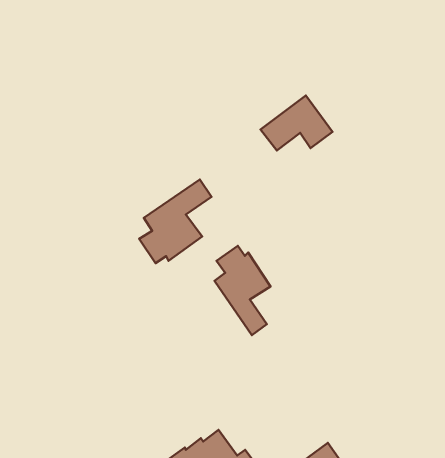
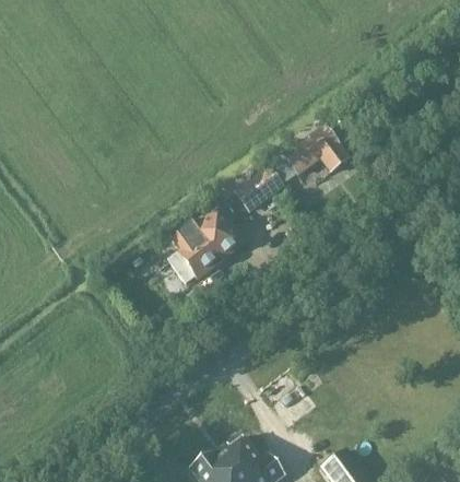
building: none -> [235,166,283,210]
building: [214,246,270,335] -> none

